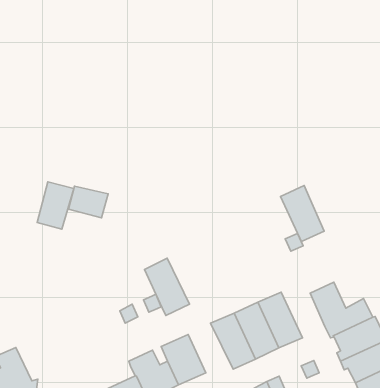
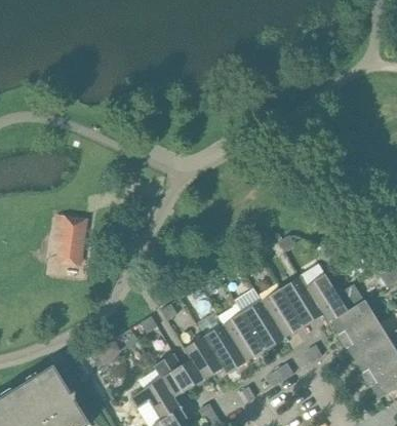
building: [281,185,324,242] -> [280,276,322,326]
building: [68,186,108,218] -> none
building: [145,258,189,315] -> [203,323,246,374]

